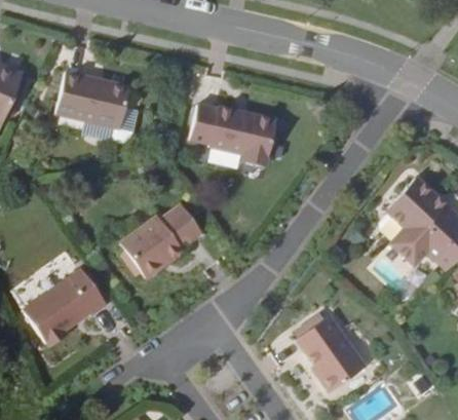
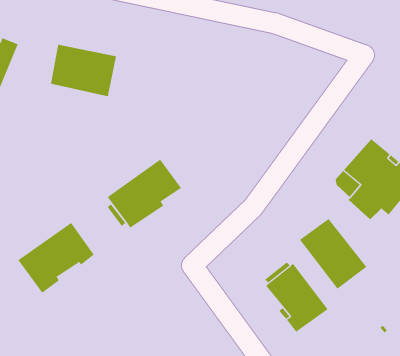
building: [191,102,280,166] -> none
building: none -> [299,218,367,290]

